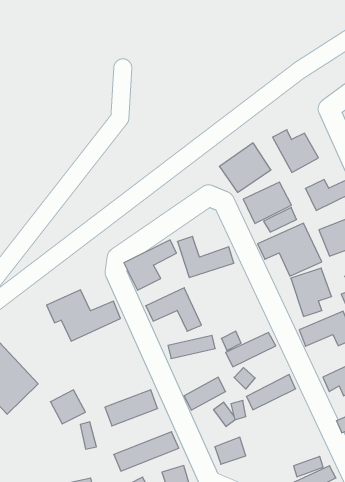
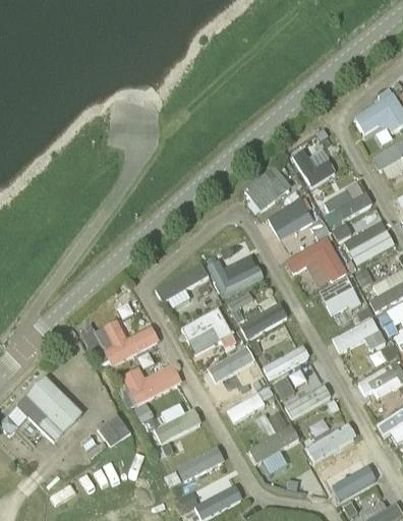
building: none -> [238,301,287,340]
building: none -> [123,362,182,404]
building: none -> [305,423,356,462]

